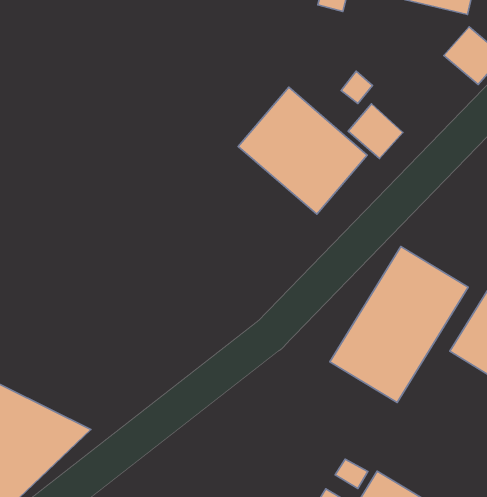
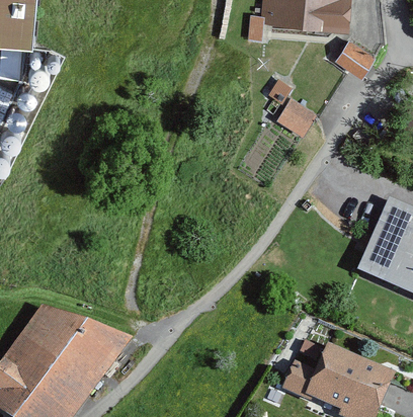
building: [238,87,367,214] -> none
building: [330,246,468,403] -> none

